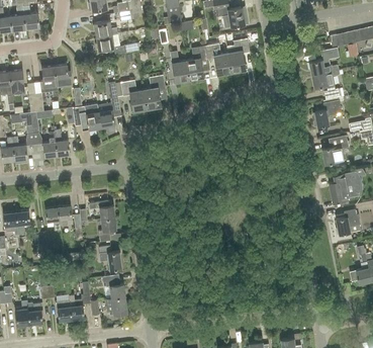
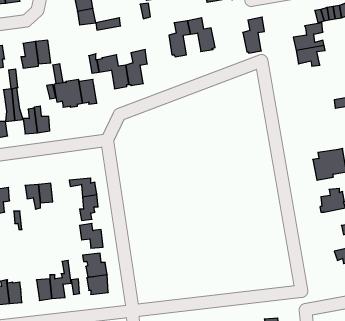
building: [227,37,249,73] -> [243,17,264,53]
building: [170,50,189,83] -> none
building: [312,100,341,127] -> none
building: [321,135,348,164] -> none

